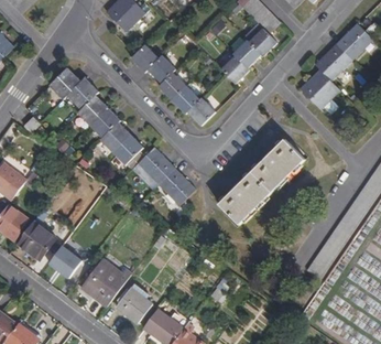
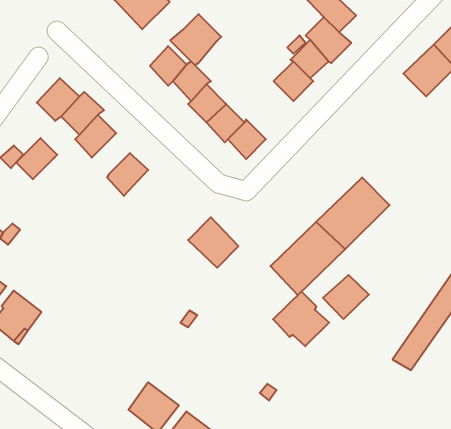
building: none -> [170,14,221,65]
building: [300,68,339,112] -> none
building: [89,107,119,137] -> [16,138,57,179]
building: [112,133,142,163] -> none
building: [138,147,175,184] -> none
building: none -> [323,275,369,319]
building: none -> [273,292,329,346]
building: [48,245,88,282] -> none
building: [80,258,131,307] -> none

